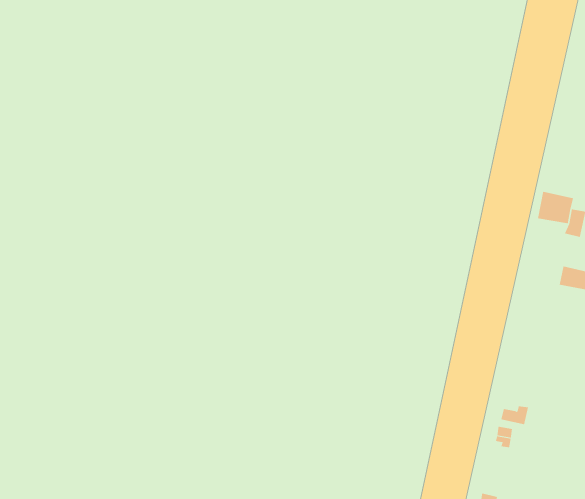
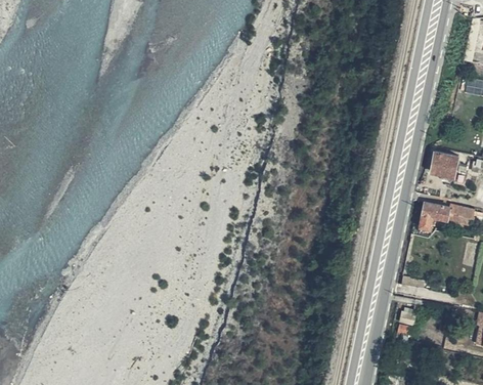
building: none -> [419,201,447,228]

